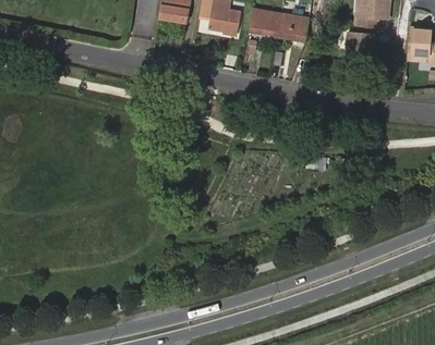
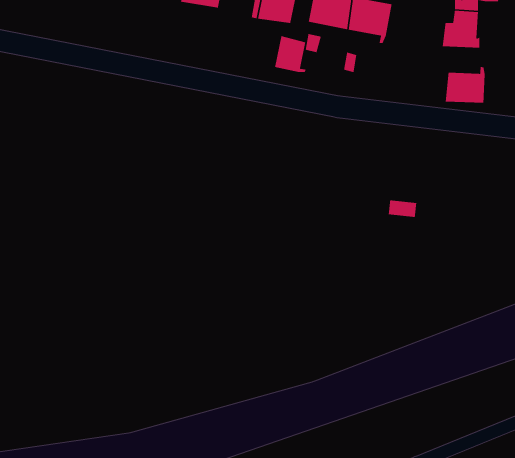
building: none -> [274,35,307,73]
building: none -> [445,66,485,104]

